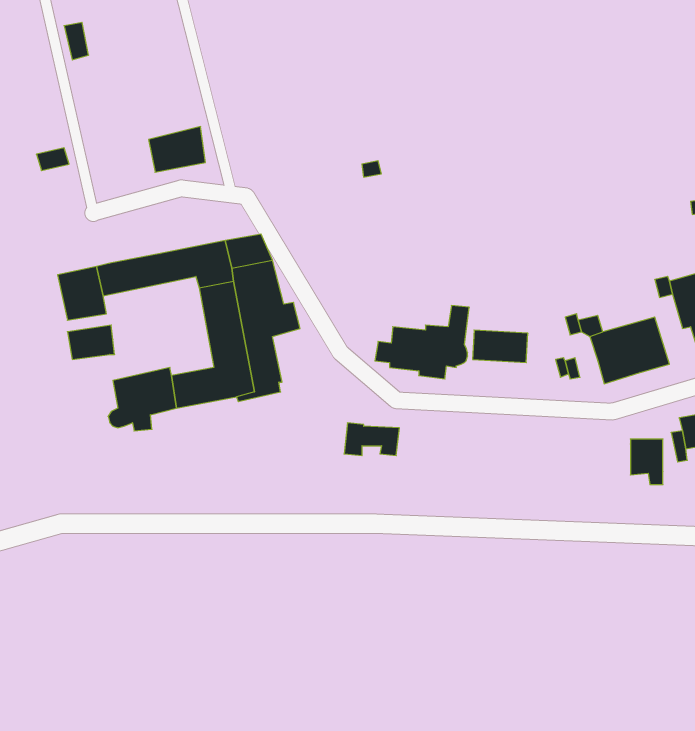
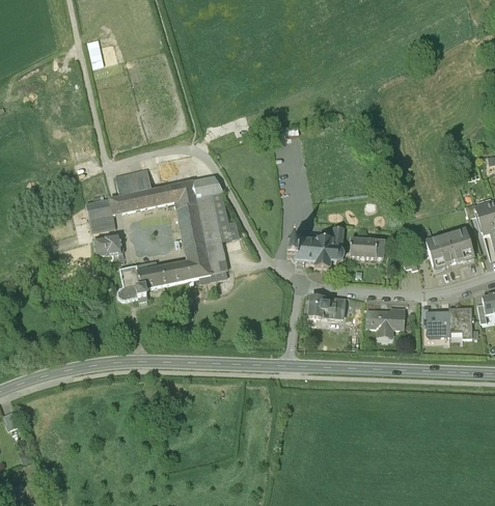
building: [149,127,205,172] -> [114,165,150,194]
building: [344,423,399,456] -> [310,293,346,314]
building: none -> [367,306,405,331]
building: none -> [427,309,450,334]

